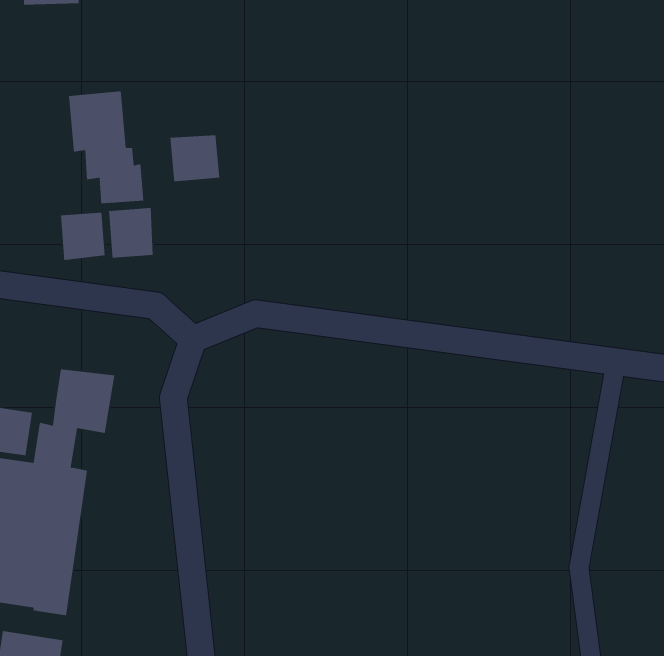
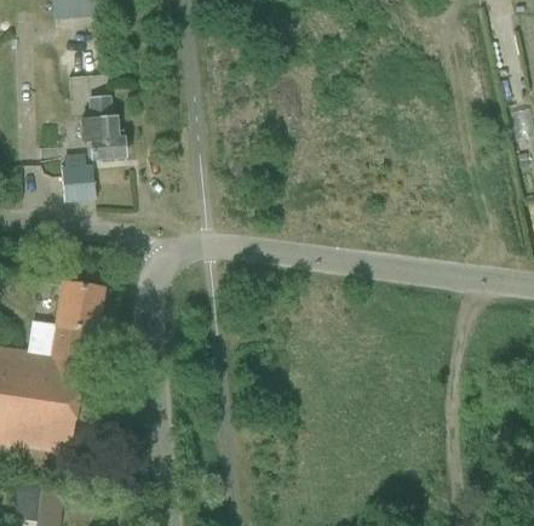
building: [170,135,220,182] -> none
building: [109,207,153,259] -> none

